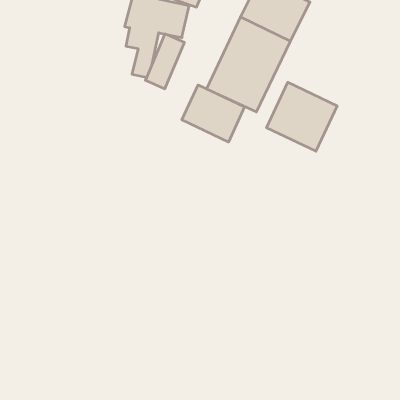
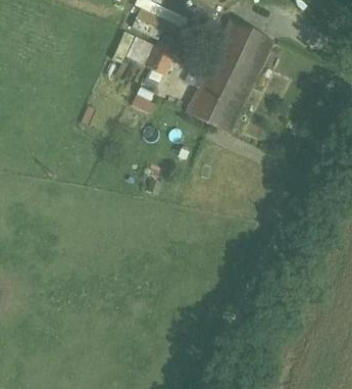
building: [267,82,337,151] -> none
building: [182,85,245,142] -> none

